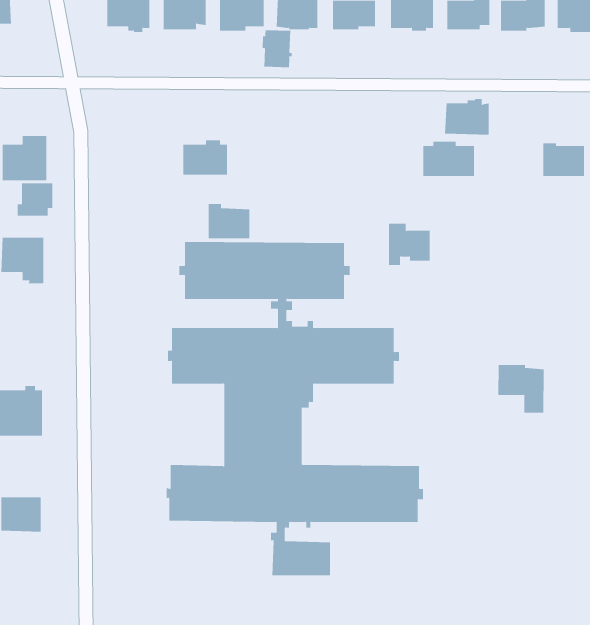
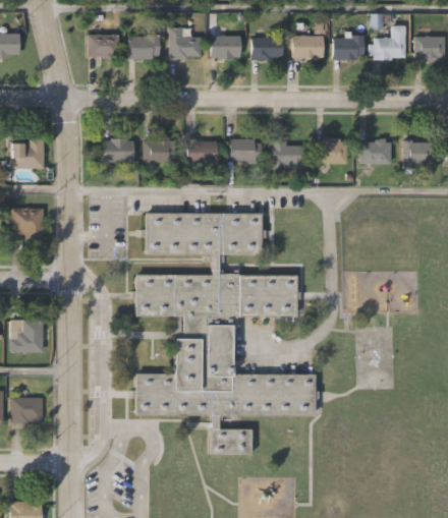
building: [262,29,292,68] -> none
building: [444,99,489,135] -> [357,138,390,165]
building: none -> [103,139,134,163]
building: none -> [229,139,261,165]
building: [17,183,53,217] -> none
building: [208,204,250,239] -> [186,138,217,164]
building: [388,223,430,266] -> [272,140,302,171]
building: [498,364,544,413] -> none

